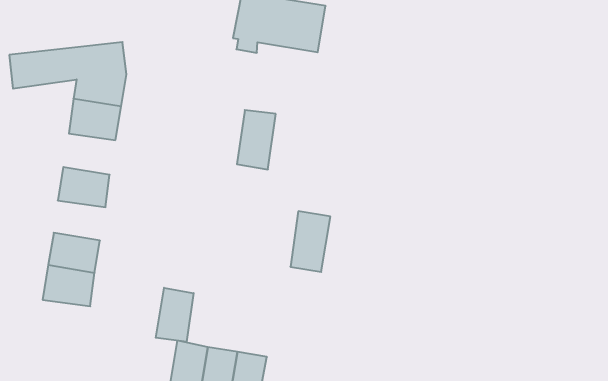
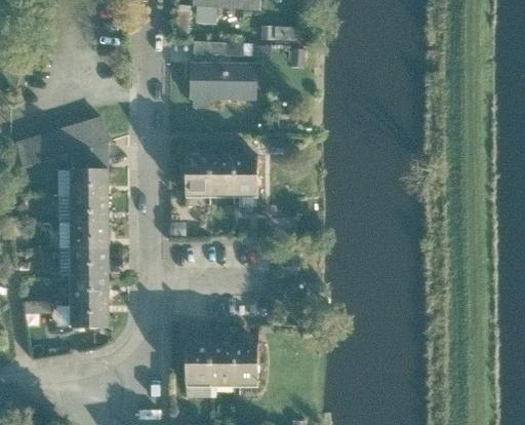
building: none -> [179,154,205,198]
building: none -> [71,194,108,222]
building: none -> [71,247,109,274]
building: [290,211,330,272] -> [229,153,254,197]
building: [156,288,194,342] -> none

